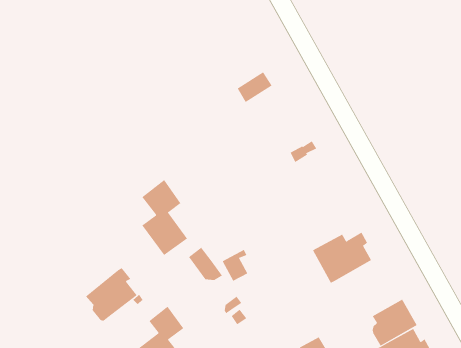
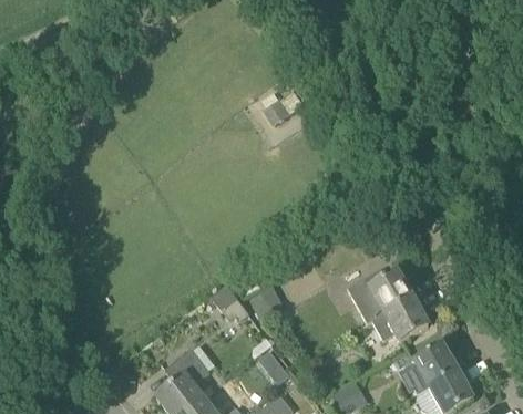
building: [141,179,188,256] -> none
building: none -> [372,298,433,342]
building: [85,267,137,321] -> none

